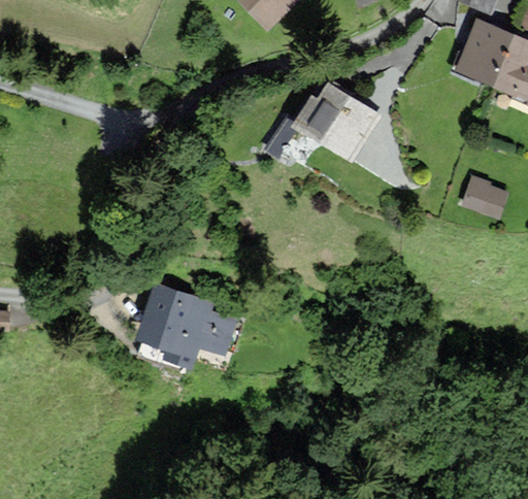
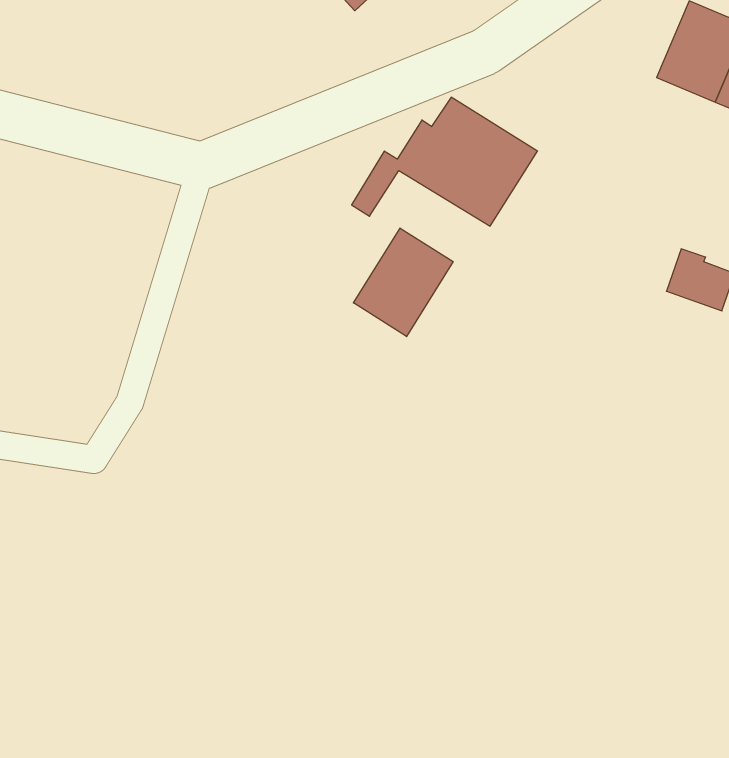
building: none -> [353,228,453,337]
building: [139,286,234,359] -> none

